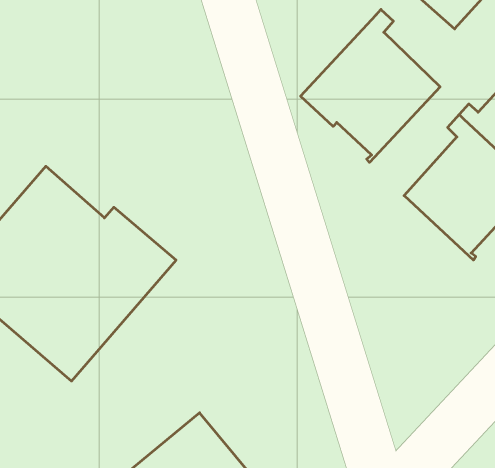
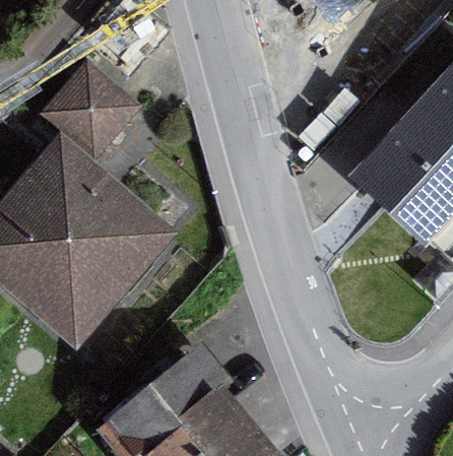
building: [301,9,440,162] -> none
building: none -> [49,61,134,147]

